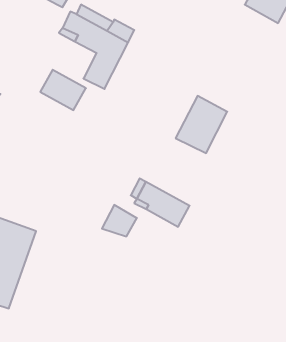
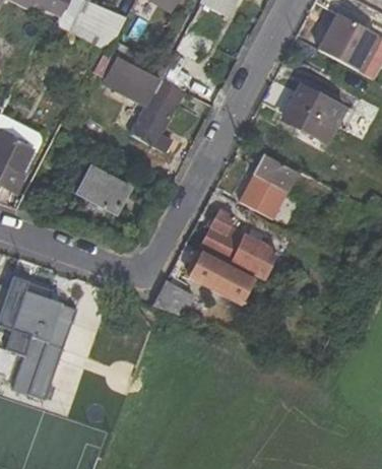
building: none -> [281,84,344,142]
building: [40,70,86,110] -> [77,166,130,213]
building: none -> [199,209,268,275]

